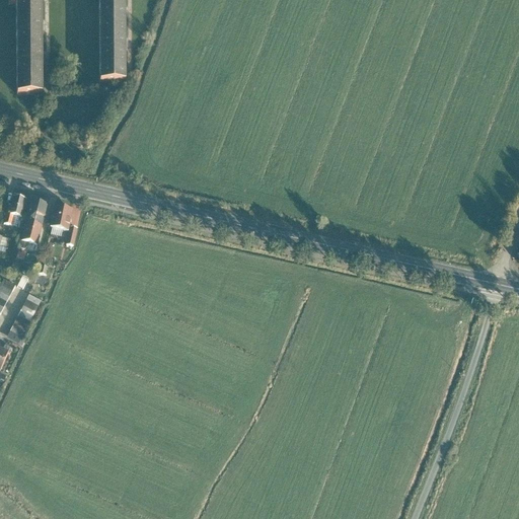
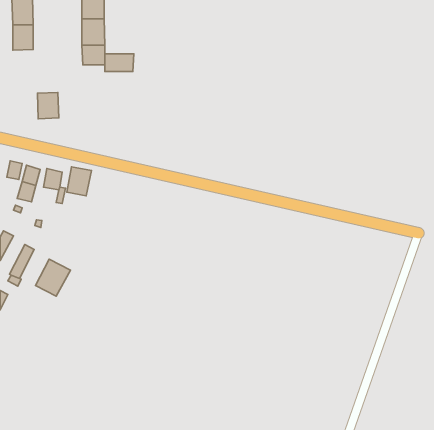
building: [17,59,43,90] -> [37,92,59,119]
building: none -> [105,54,134,72]
building: none -> [67,167,92,196]
building: none -> [35,259,70,296]

